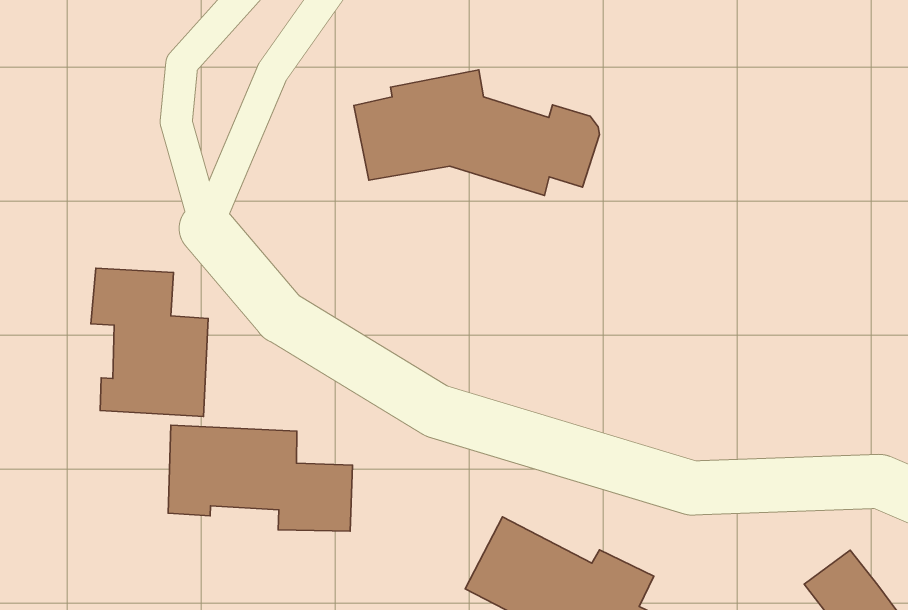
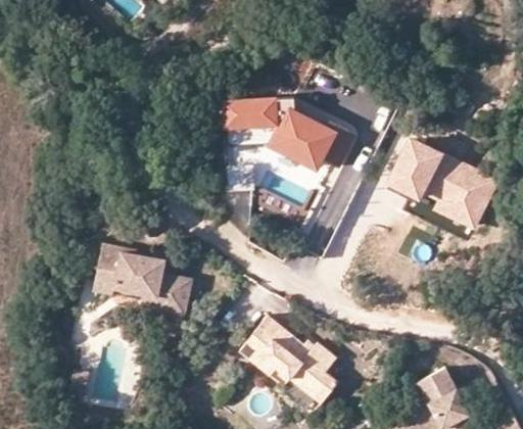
building: none -> [384,134,498,229]
building: [91,268,208,417] -> none

